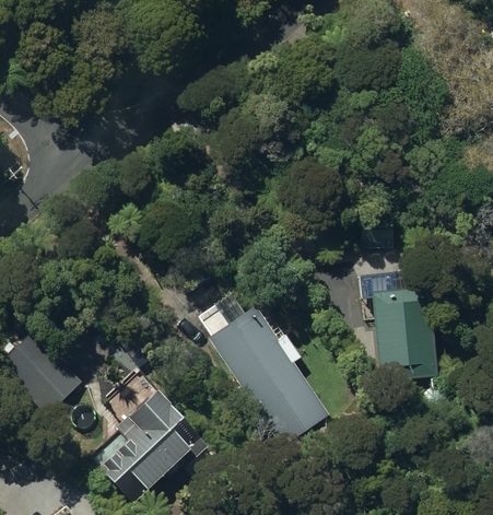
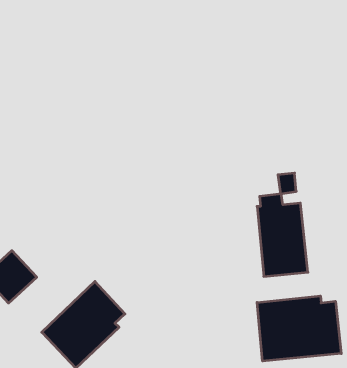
building: [199,293,330,446] -> none
building: none -> [257,296,341,361]

